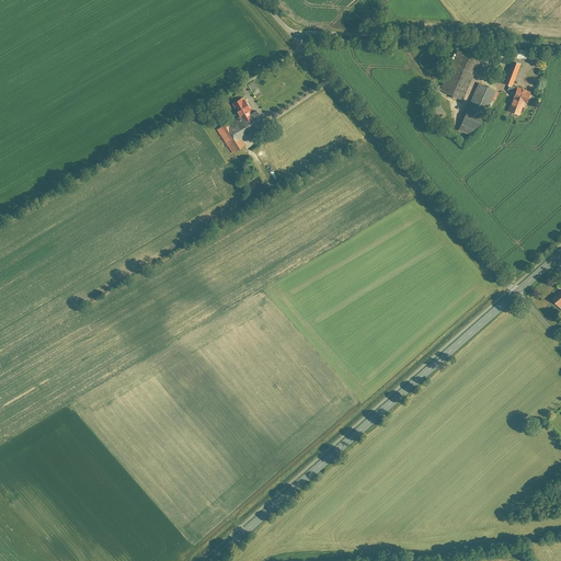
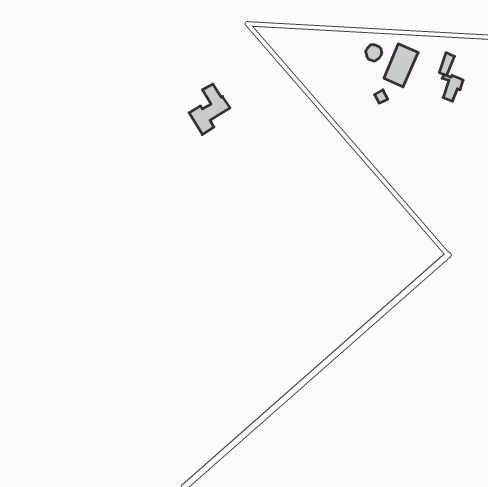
building: [459,83,494,137] -> none

